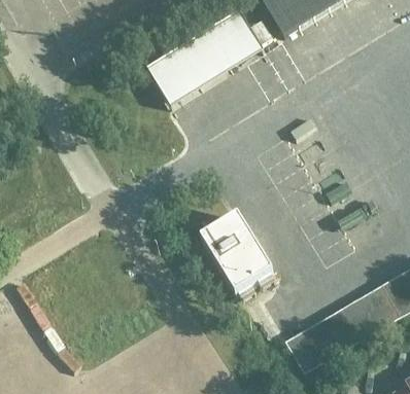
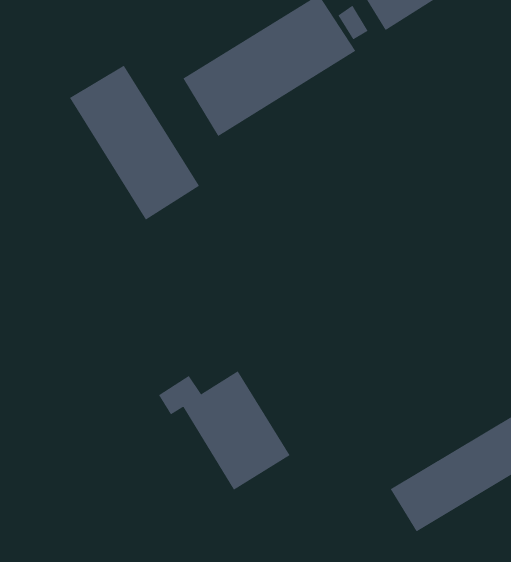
building: none -> [69,65,200,221]
building: [185,214,274,294] -> [158,371,291,491]

